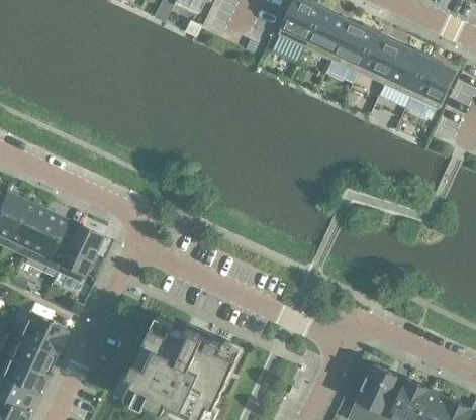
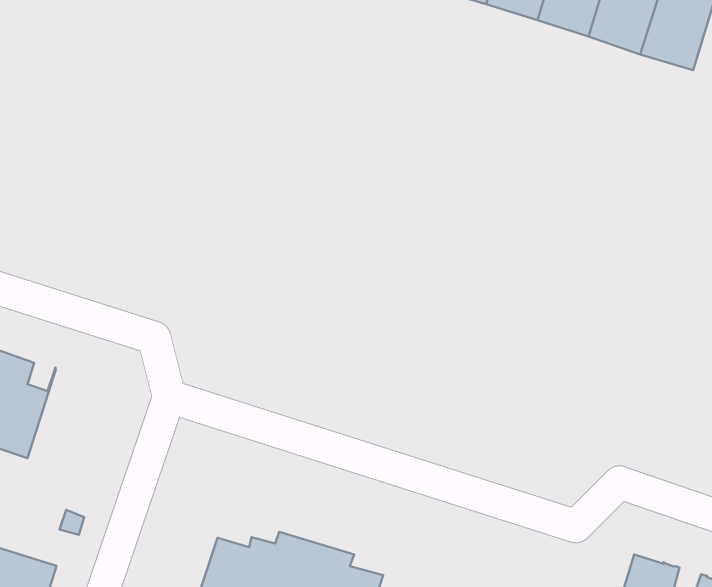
building: [57,225,101,282] -> none

